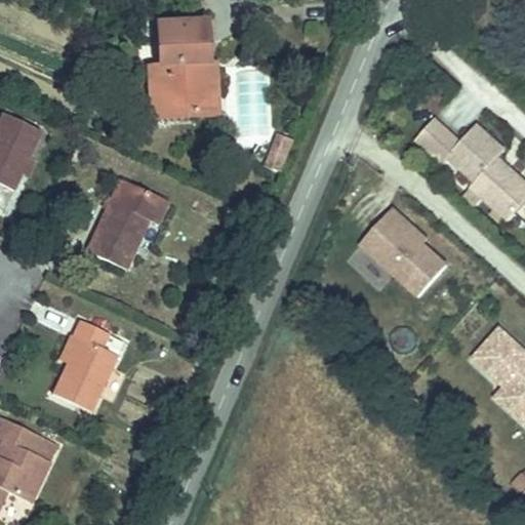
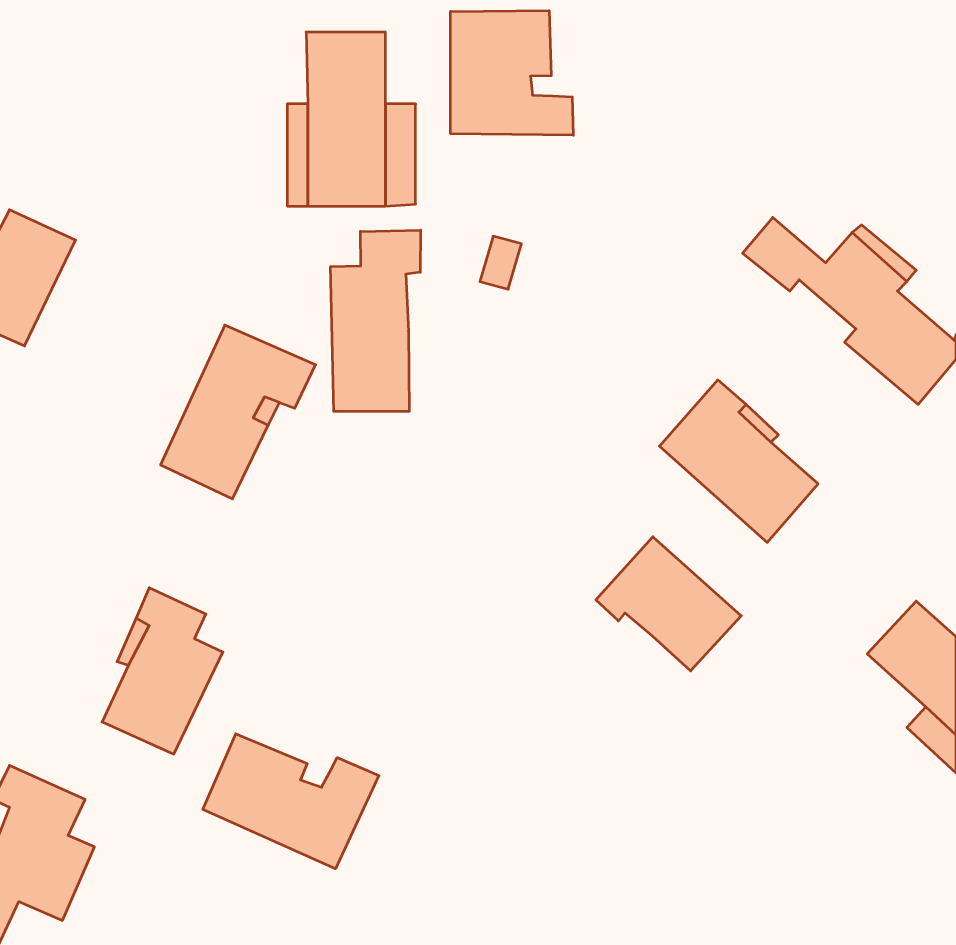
building: none -> [451,11,573,135]
building: none -> [331,230,421,411]
building: none -> [596,537,741,671]
building: none -> [203,734,379,869]

